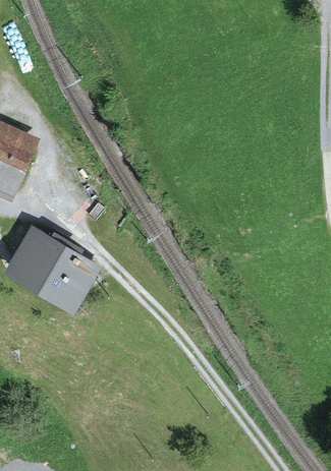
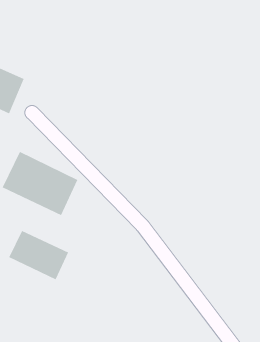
building: none -> [8,230,69,280]

